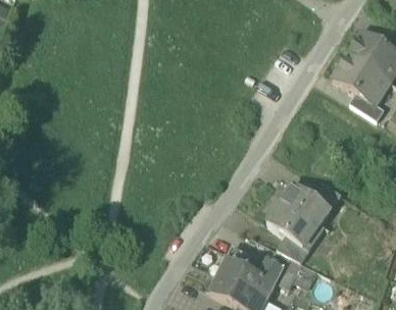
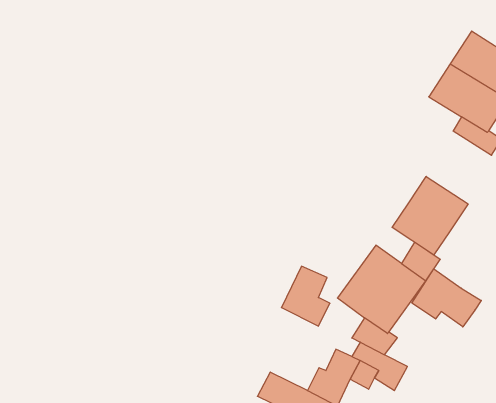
building: none -> [392,176,468,255]
building: none -> [412,269,481,327]
building: [218,247,253,290] -> [281,266,330,326]

